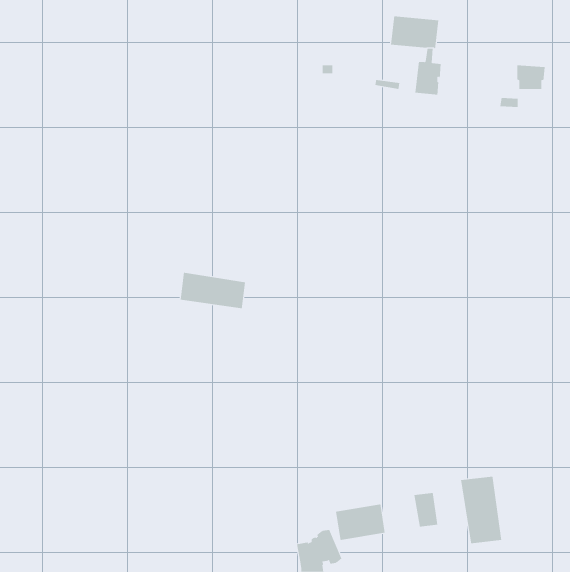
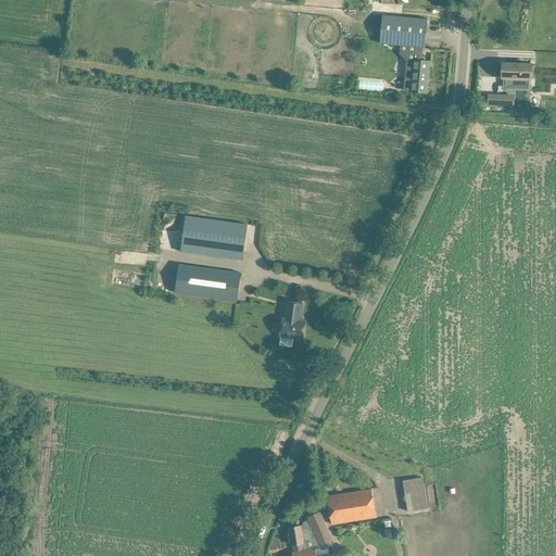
building: none -> [180,215,245,260]
building: none -> [279,301,304,340]
building: [461,476,502,544] -> none

